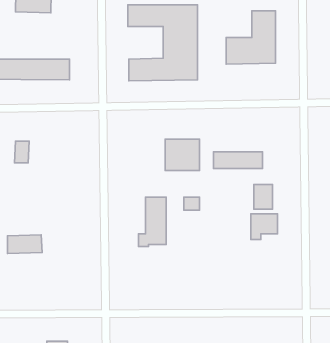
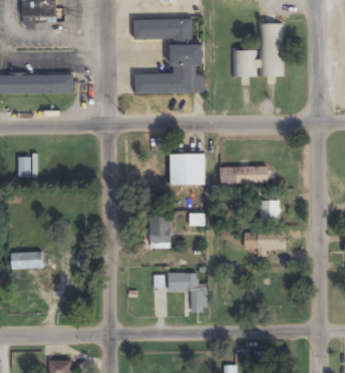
building: none -> [168,273,207,313]

